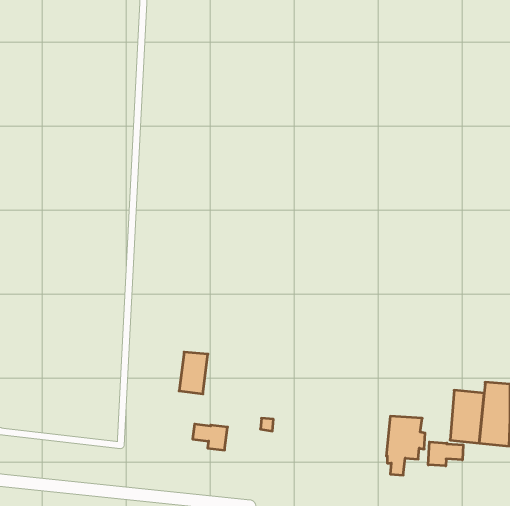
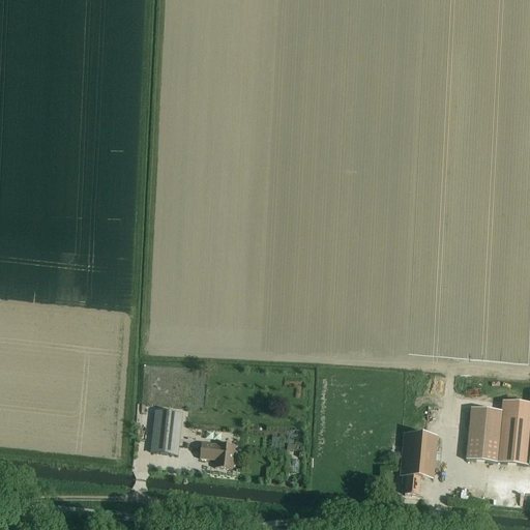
building: [179,352,208,394] -> [152,409,182,452]
building: [428,442,463,466] -> none

